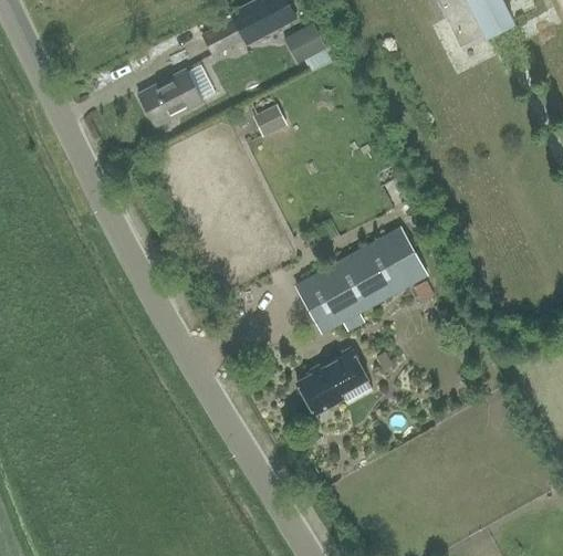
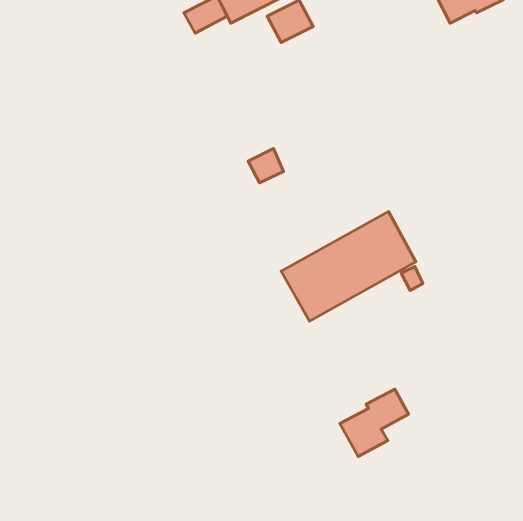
building: [139,69,204,126] -> none
building: [253,104,288,137] -> [248,149,284,183]
building: [299,348,365,413] -> [340,389,408,457]

